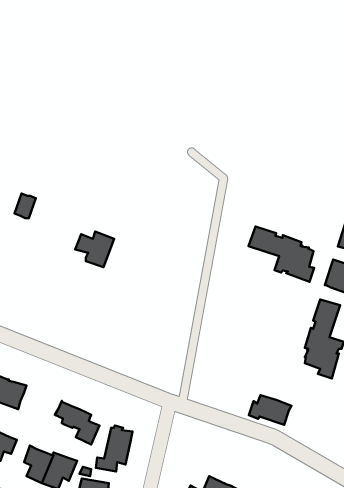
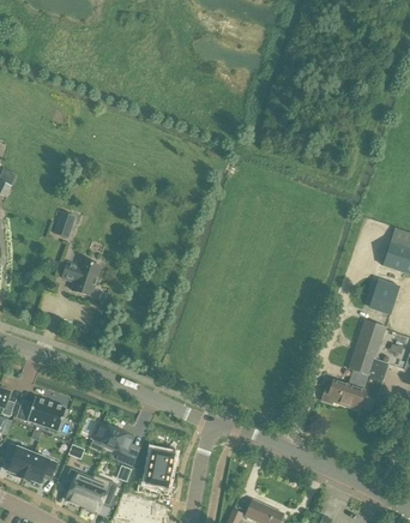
building: [248,227,314,282] -> none
building: [75,232,114,267] -> [61,259,101,295]
building: [249,395,291,425] -> [321,379,364,409]

